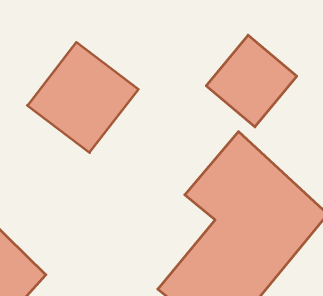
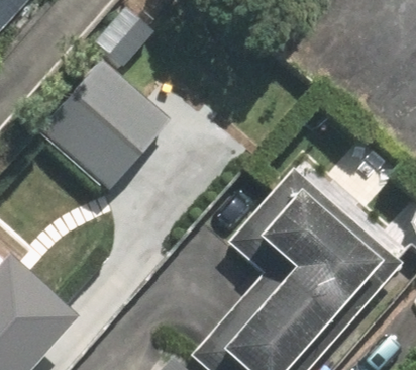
building: [206,35,297,127] -> none

